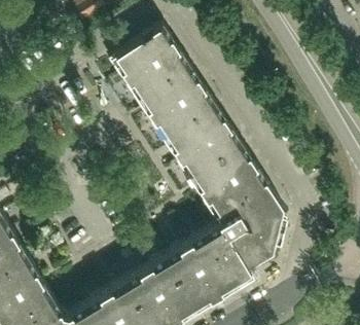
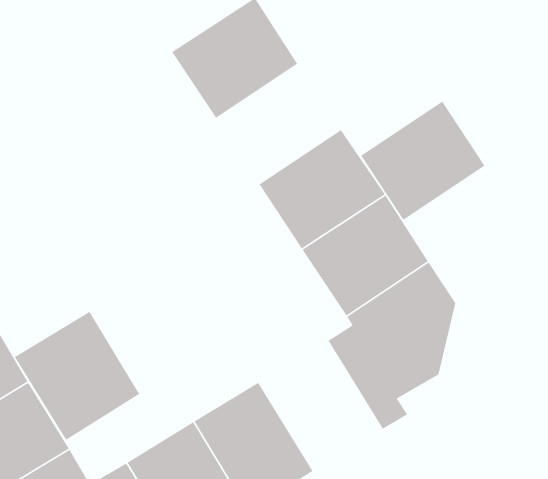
building: [139,67,214,139] -> [360,100,486,221]
building: none -> [14,311,140,441]
building: [165,232,239,311] -> none

